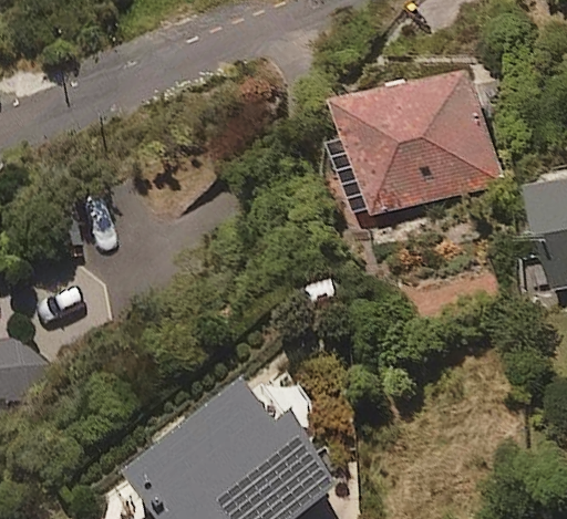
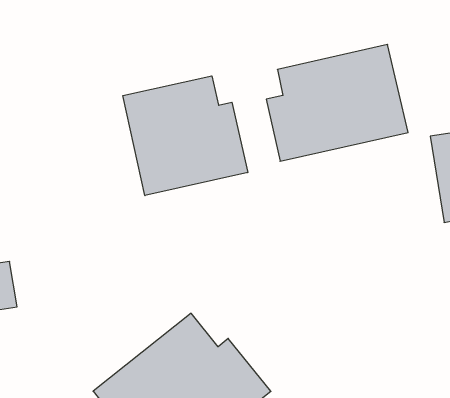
building: none -> [123,76,248,196]

